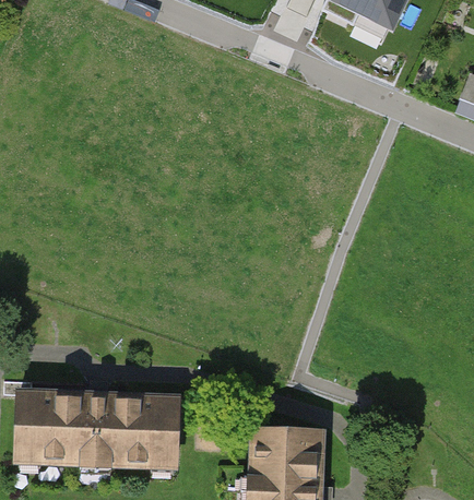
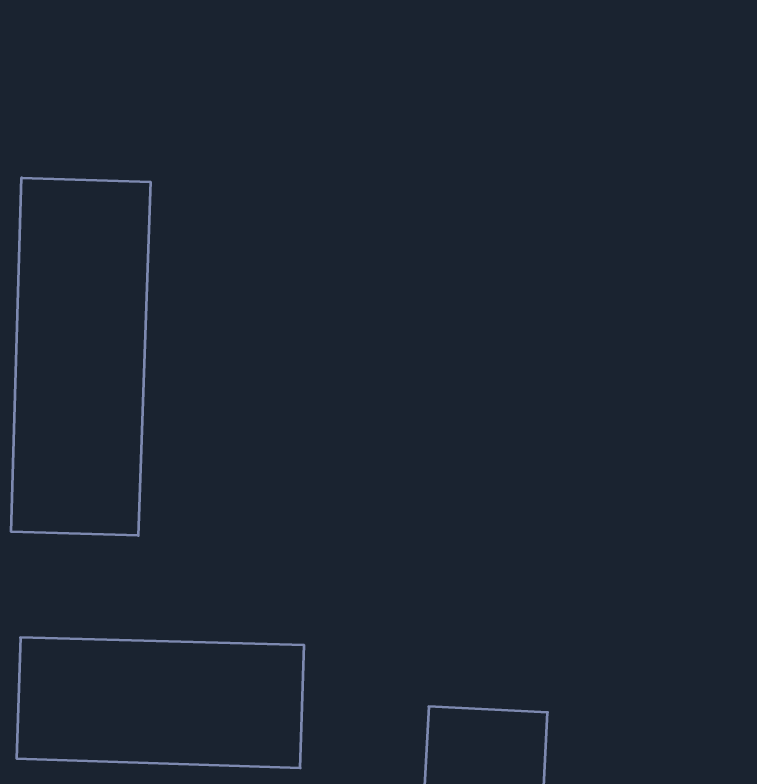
building: none -> [11,178,150,536]

